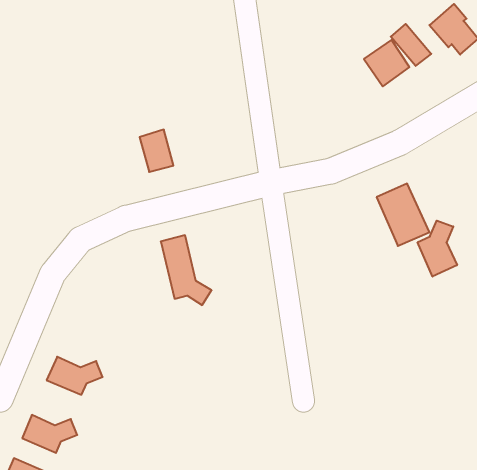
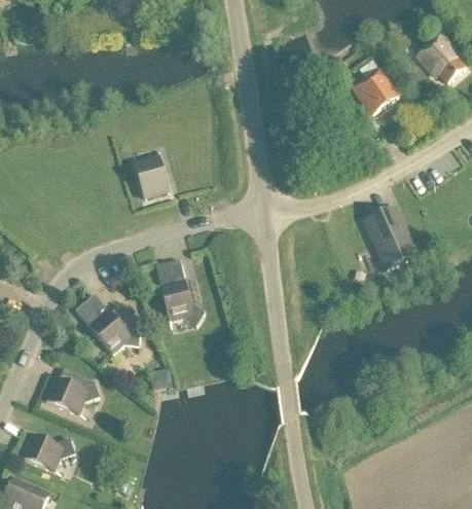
building: [391,24,431,66] -> none
building: [418,221,457,277] -> none
building: none -> [76,293,141,353]

